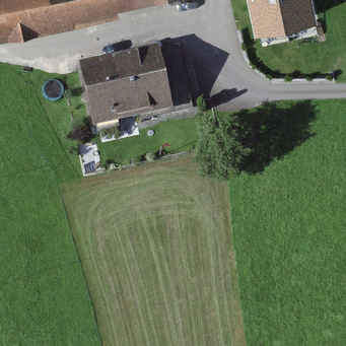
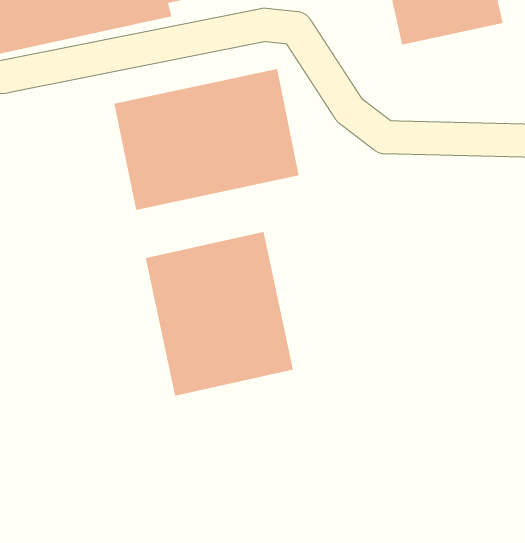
building: none -> [145,231,294,397]

